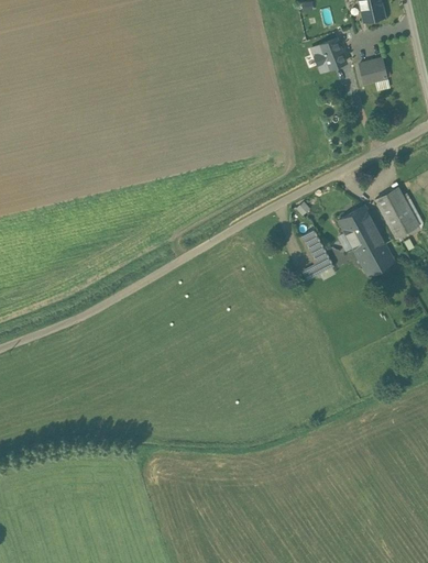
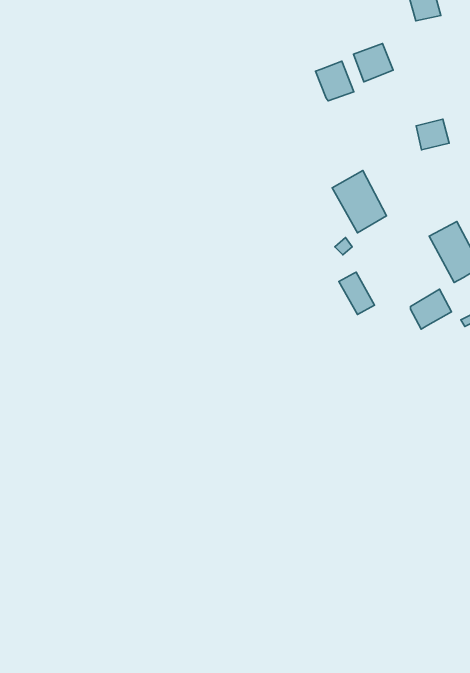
building: none -> [315,61,354,101]
building: [360,59,387,85] -> [416,119,449,150]
building: [339,207,384,258] -> [332,170,387,233]

